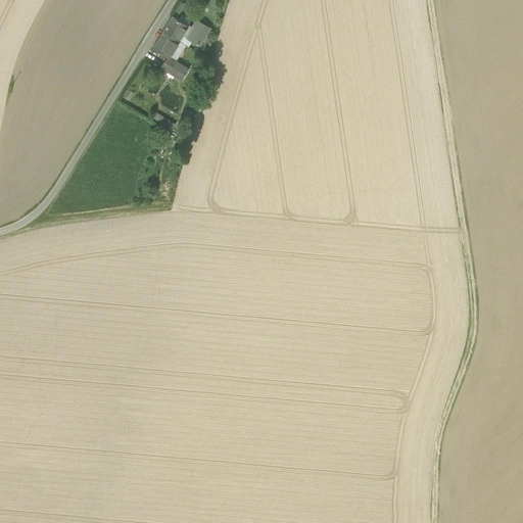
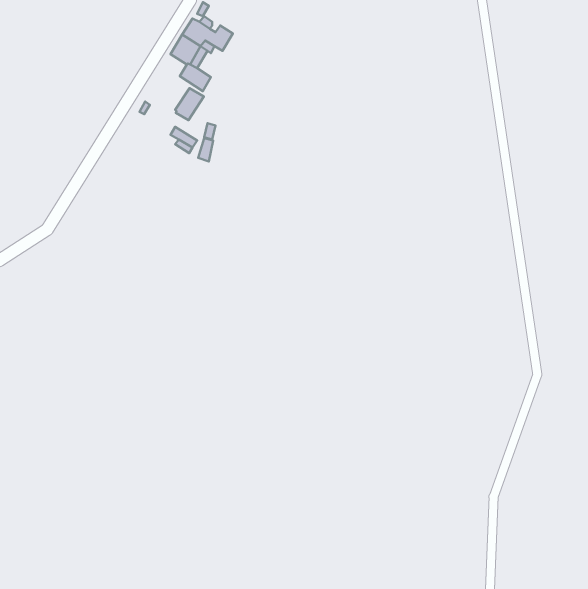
building: none -> [175,88,204,120]

